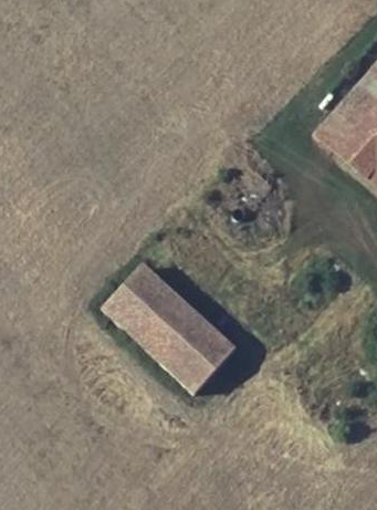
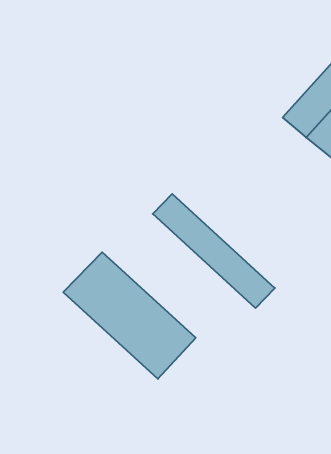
building: none -> [153,194,275,308]

